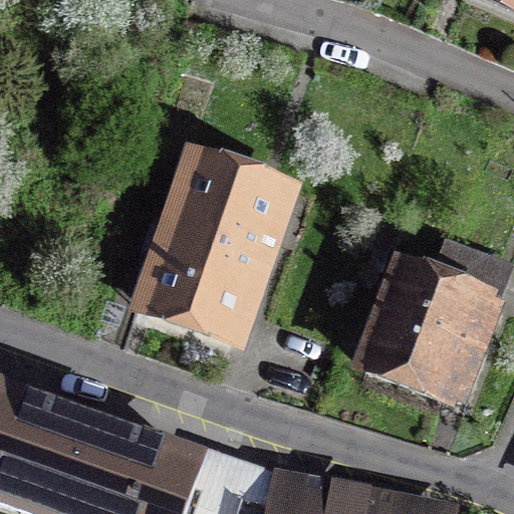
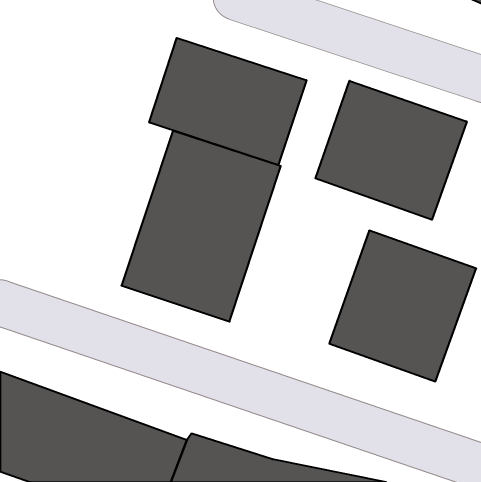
building: none -> [149,38,306,165]
building: none -> [315,81,467,220]

